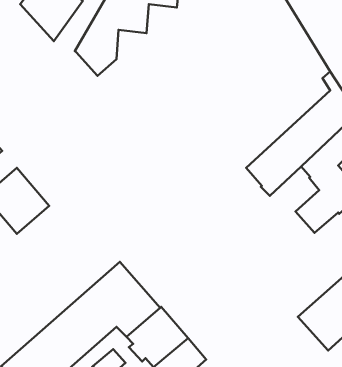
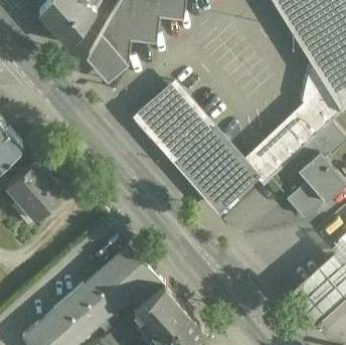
building: none -> [136,84,254,209]

